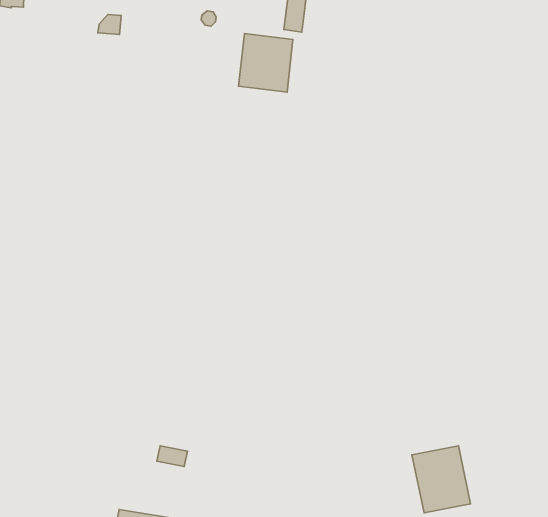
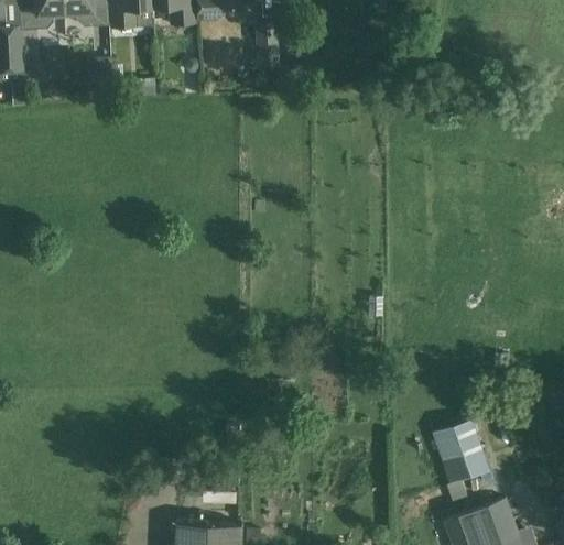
building: [239,33,293,92] -> none

